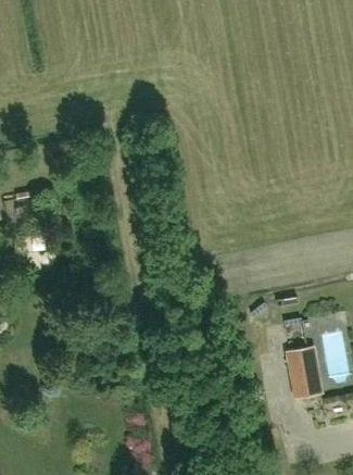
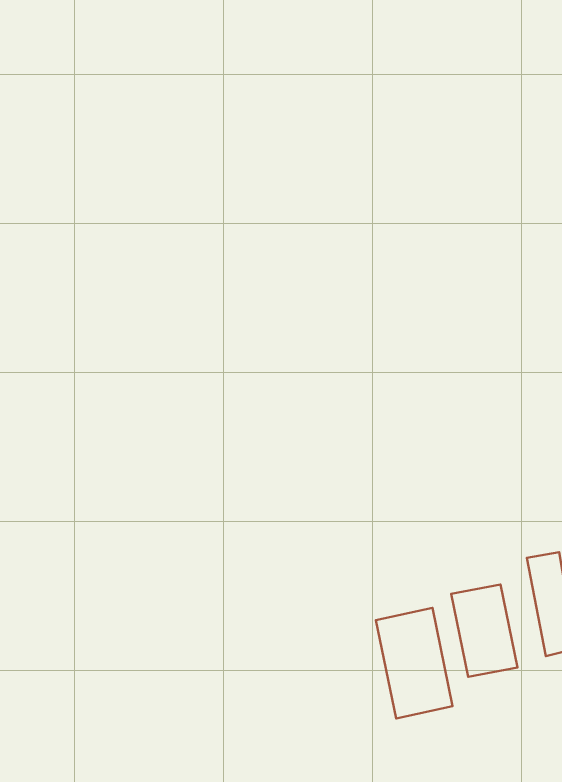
building: none -> [376,608,452,719]

